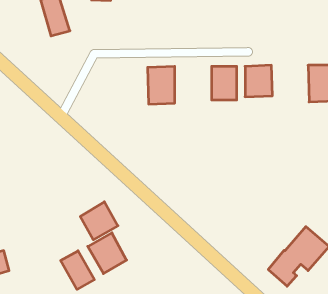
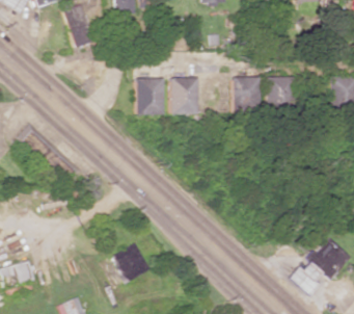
building: none -> [136,78,163,114]
building: [80,202,118,240] -> none
building: [61,251,94,289] -> none

